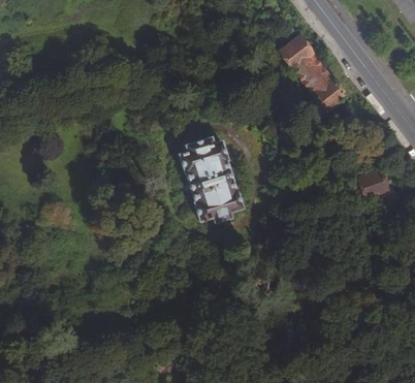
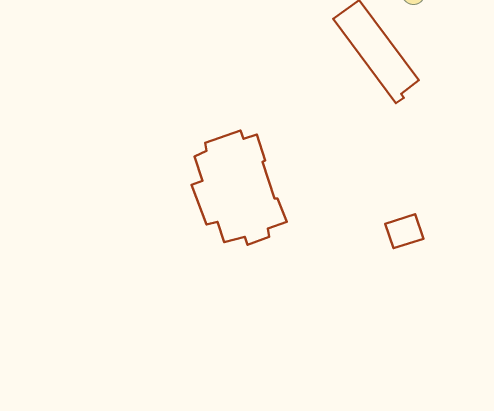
building: [358,171,387,197] -> [385,214,423,248]

